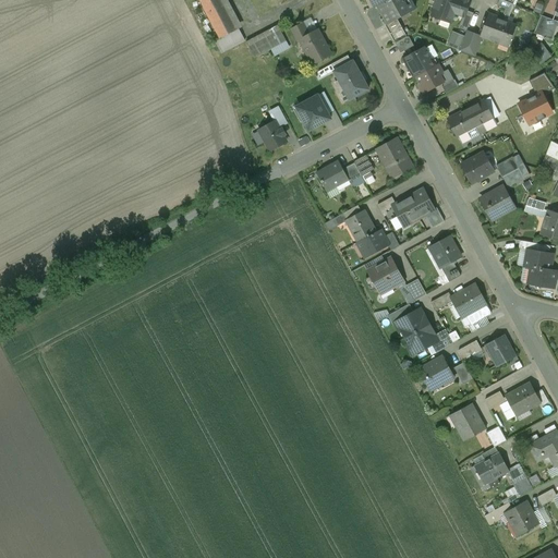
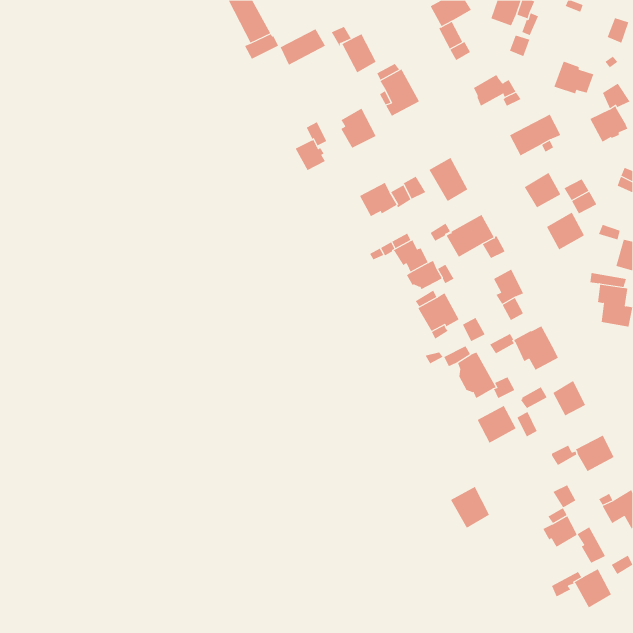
building: [481,13,517,46] -> [553,61,594,98]
building: [404,49,437,78] -> none
building: [450,403,485,440] -> [450,486,490,528]

